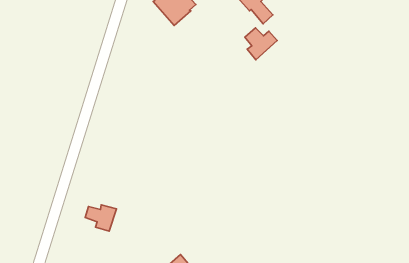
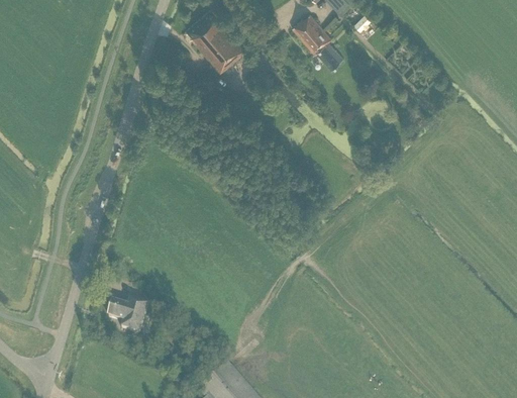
building: [245,28,277,60] -> none

